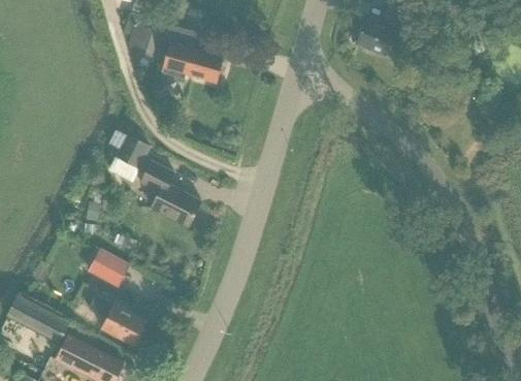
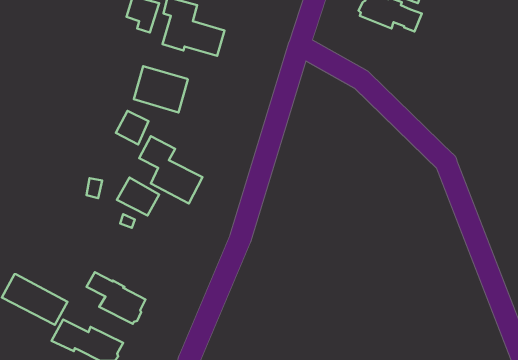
building: none -> [134,66,188,113]
building: [88,249,129,286] -> [117,178,159,216]

